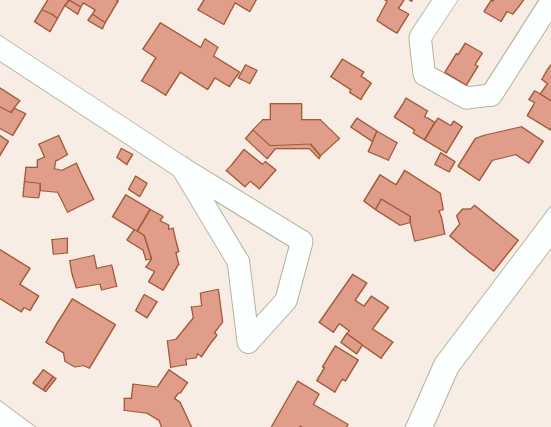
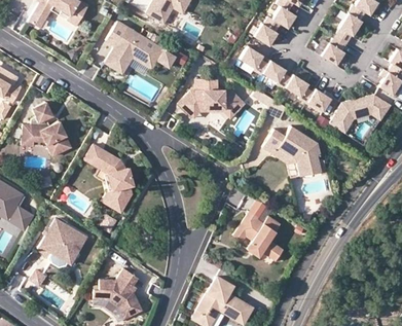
building: none -> [335,13,362,43]
building: none -> [254,17,280,46]
building: none -> [262,61,291,90]
building: [226,149,276,189] -> none
building: [450,205,518,271] -> none
building: [70,255,117,290] -> none
building: [168,289,222,368] -> none
building: [317,346,358,392] -> none

